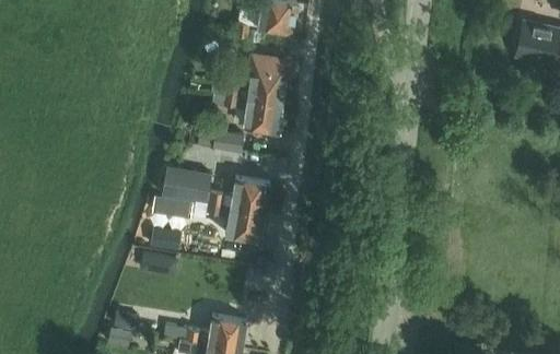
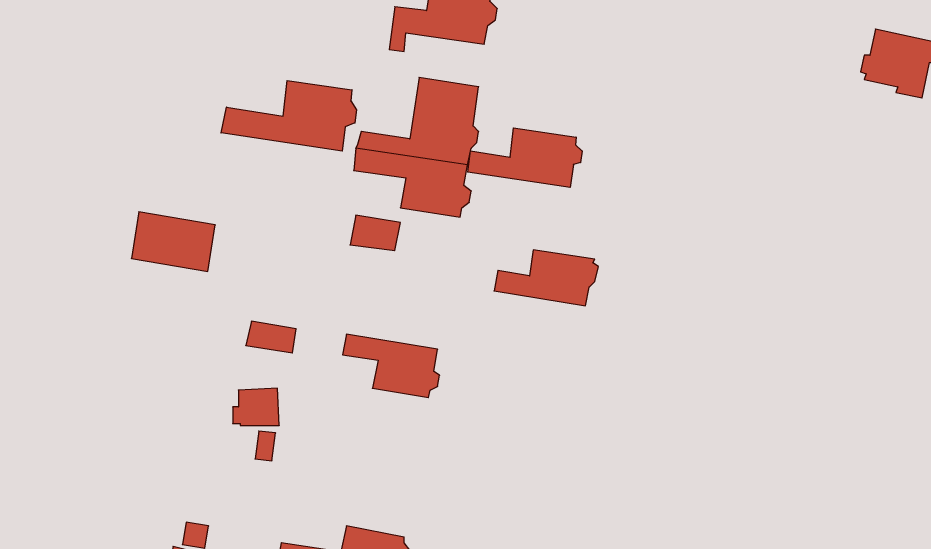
building: none -> [221,81,357,151]
building: none -> [468,128,582,187]
building: [161,166,210,201] -> [131,212,215,271]
building: [211,179,272,212] -> [494,250,598,306]

